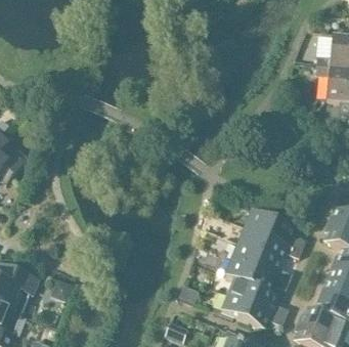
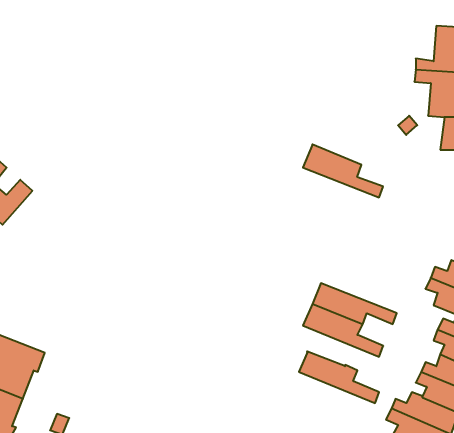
building: [246,208,306,248] -> [303,144,383,197]
building: [226,257,290,288] -> none
building: [223,292,287,323] -> none

